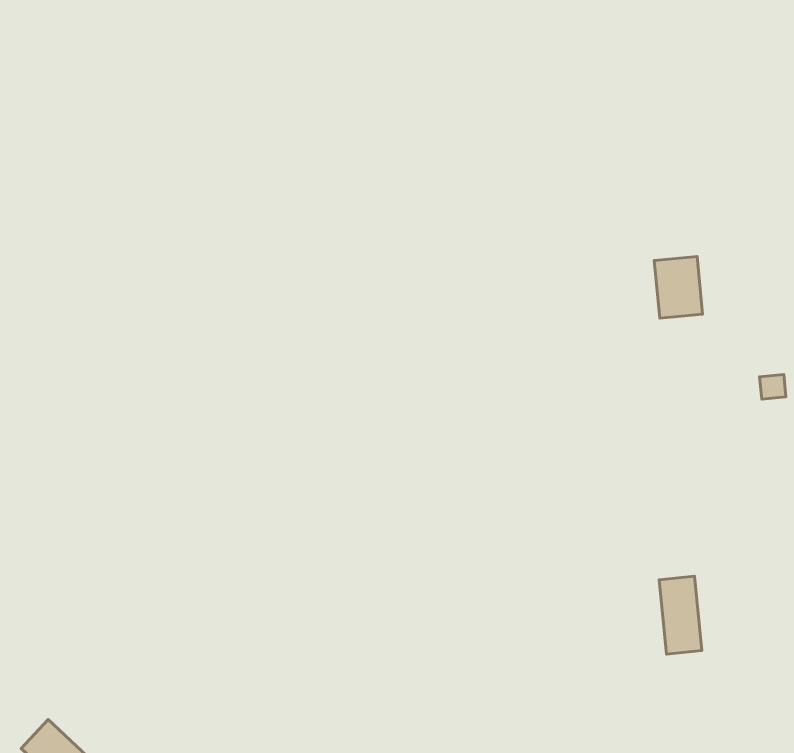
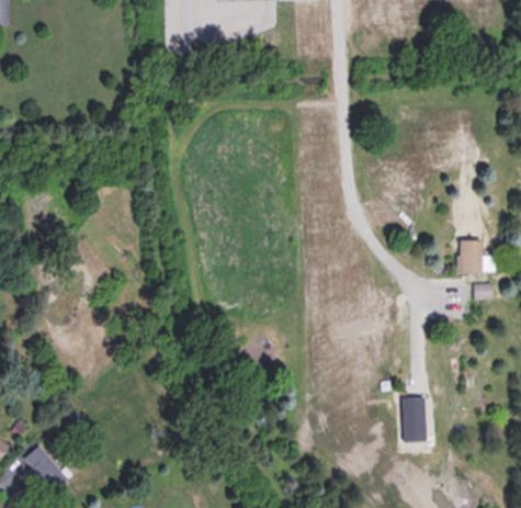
building: [654,256,703,318] -> [457,239,483,273]

